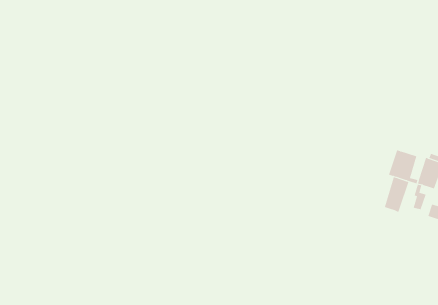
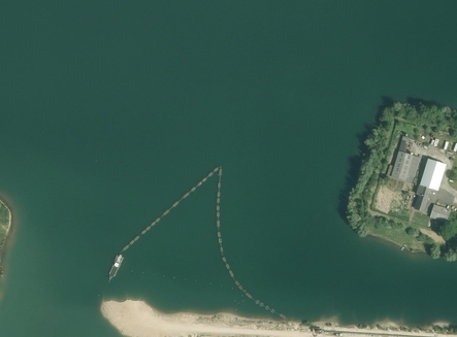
building: [384,176,409,213] -> none

